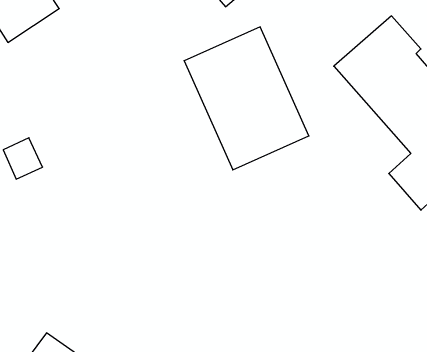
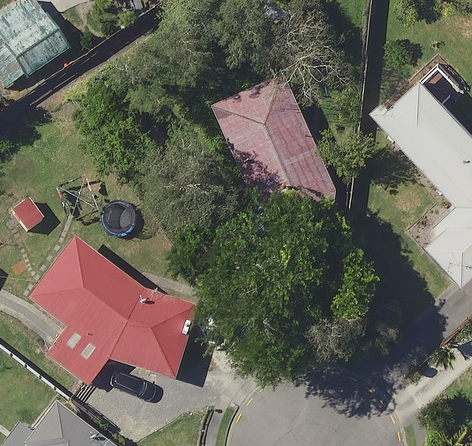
building: none -> [34,241,200,381]

